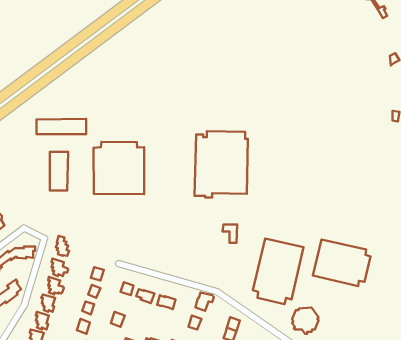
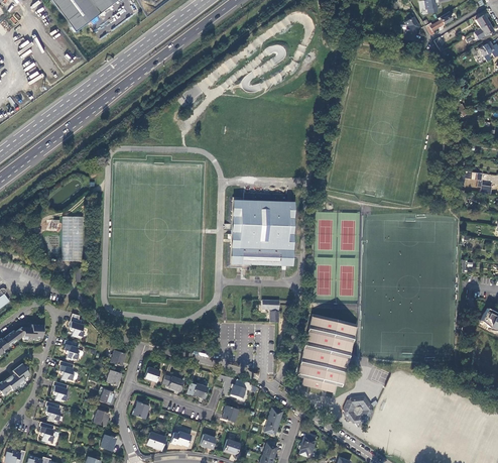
building: [37,119,86,134] -> none
building: [94,142,144,194] -> none
building: [313,239,370,286] -> none

